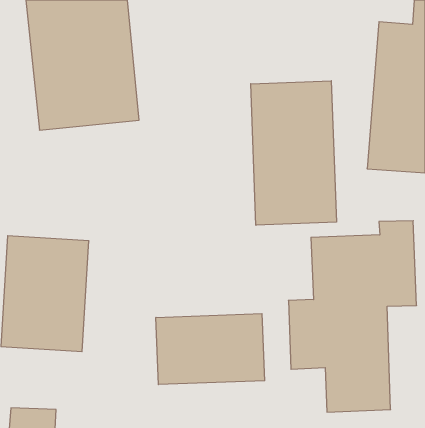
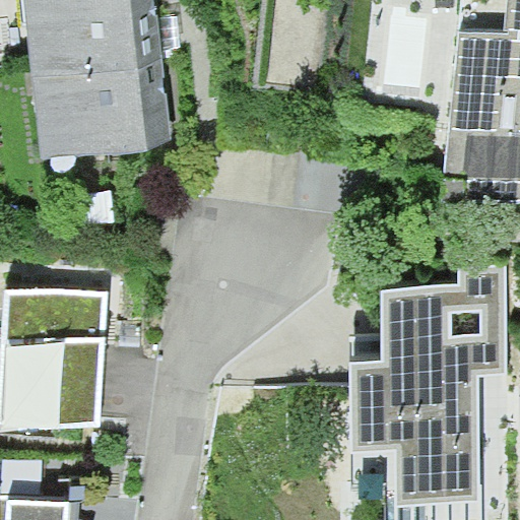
building: [251,81,336,225] -> none
building: [156,314,265,385] -> none

